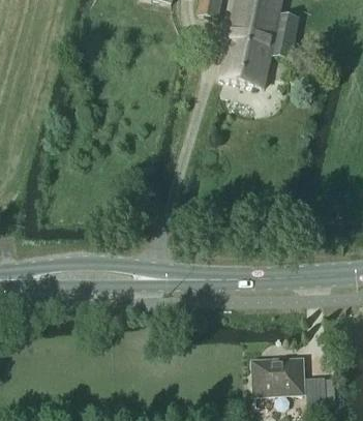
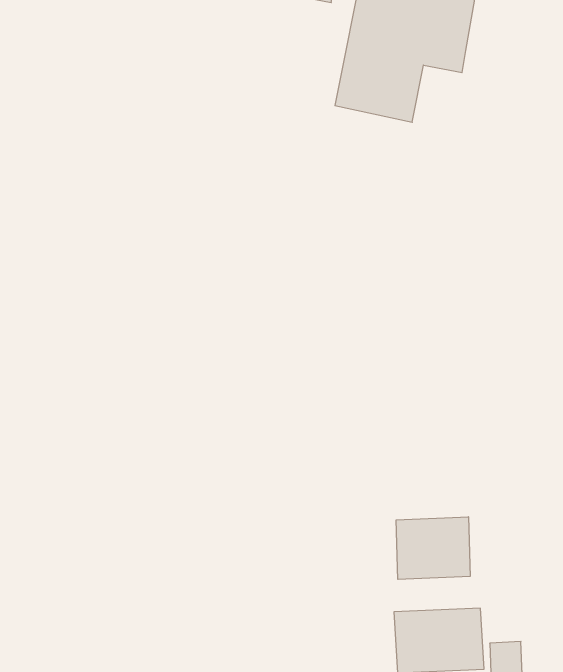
building: none -> [396,517,470,579]

